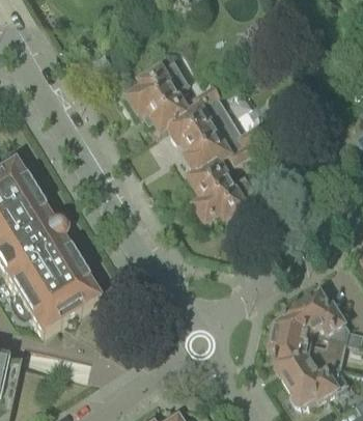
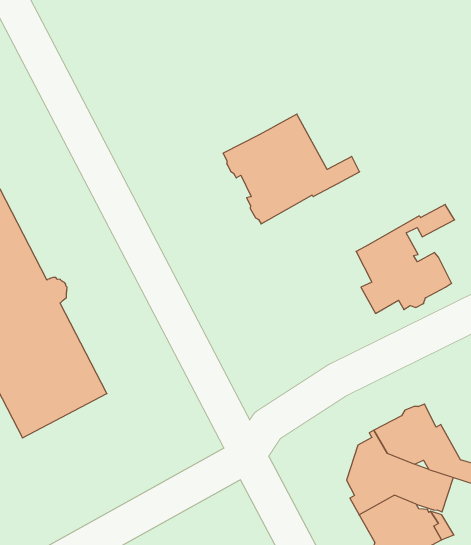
building: [127,60,216,129] -> none
building: [188,140,256,220] -> [356,204,455,313]

